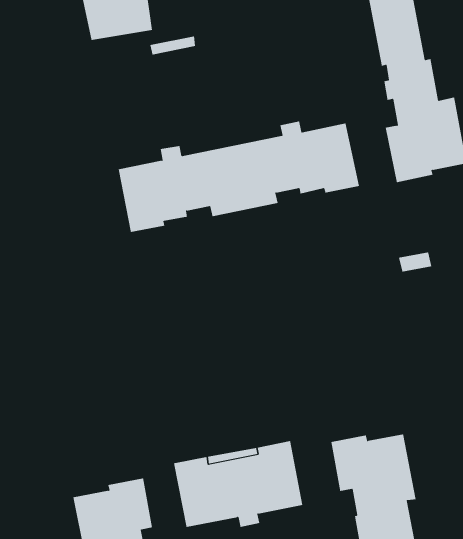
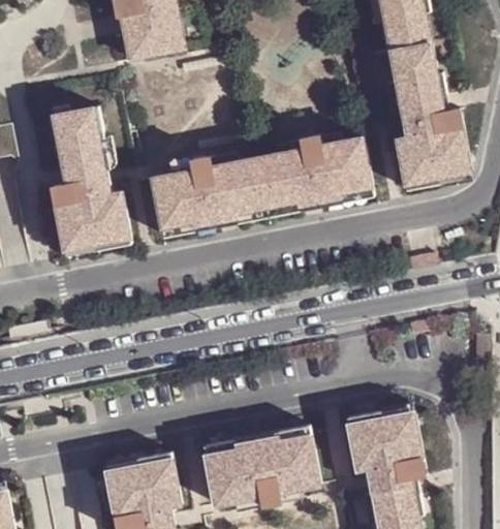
building: none -> [51,104,129,249]

